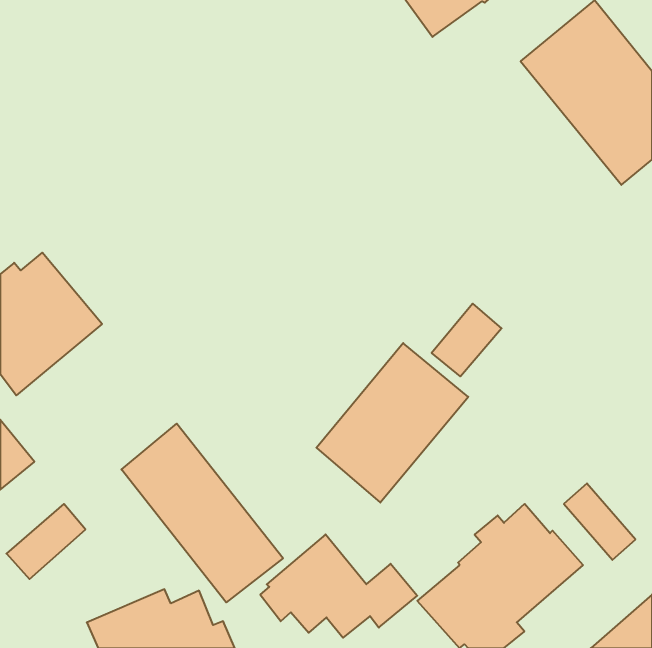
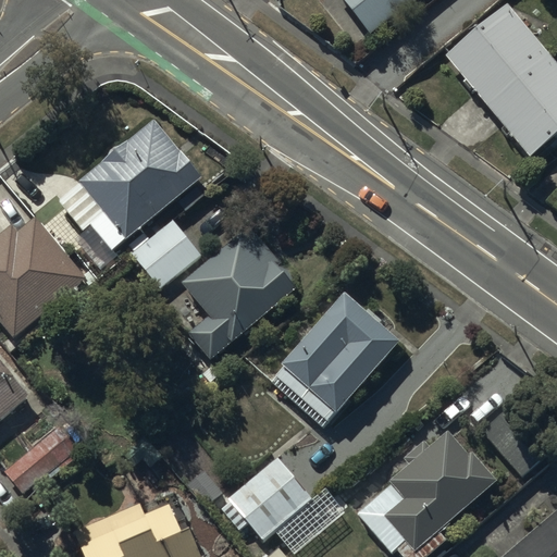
building: none -> [59,119,211,250]
building: none -> [128,220,203,289]
building: none -> [181,227,299,359]
building: [432,304,502,376] -> none
building: [121,424,283,602] -> none

